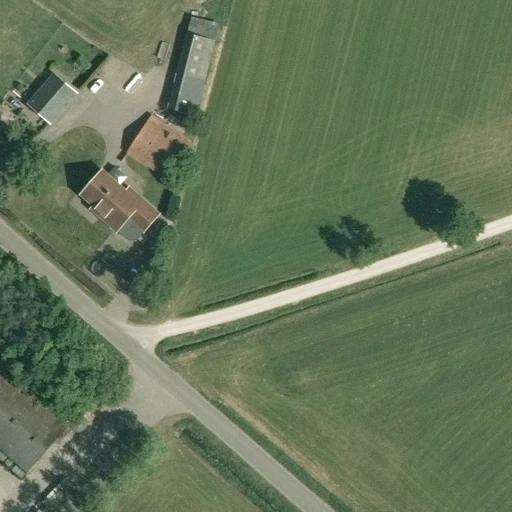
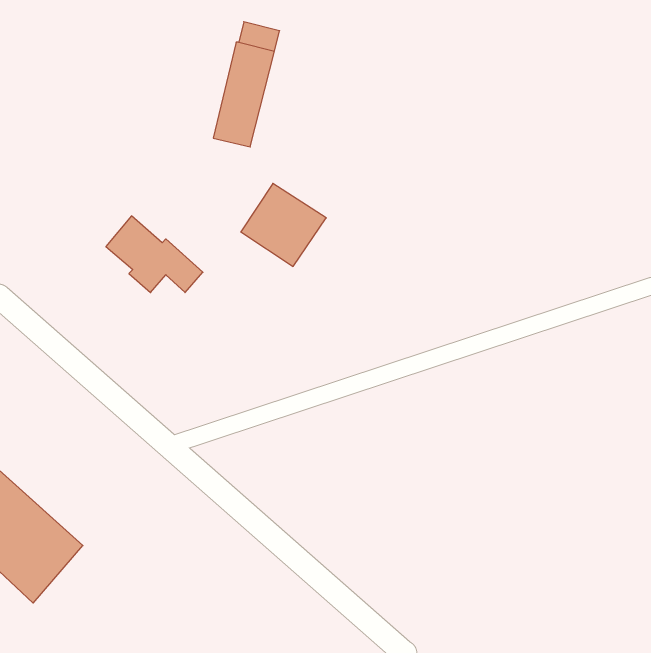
building: [28,74,76,123] -> none
building: [126,115,193,180] -> [241,183,326,266]

